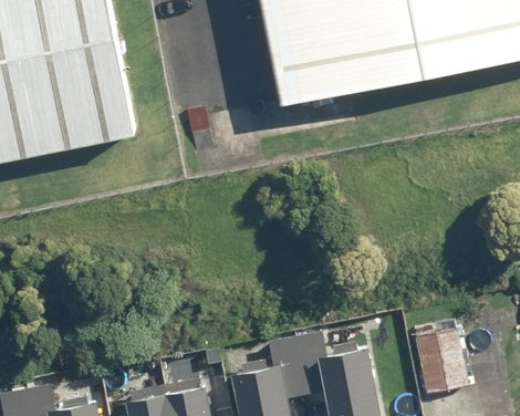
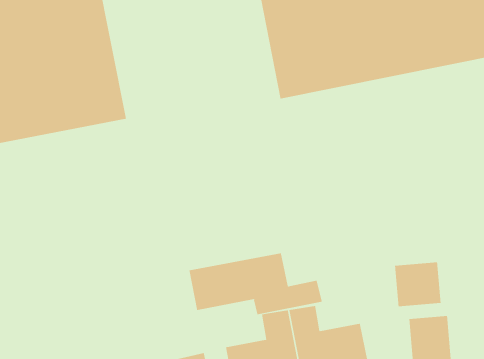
building: none -> [189,252,323,315]
building: none -> [395,261,441,307]

